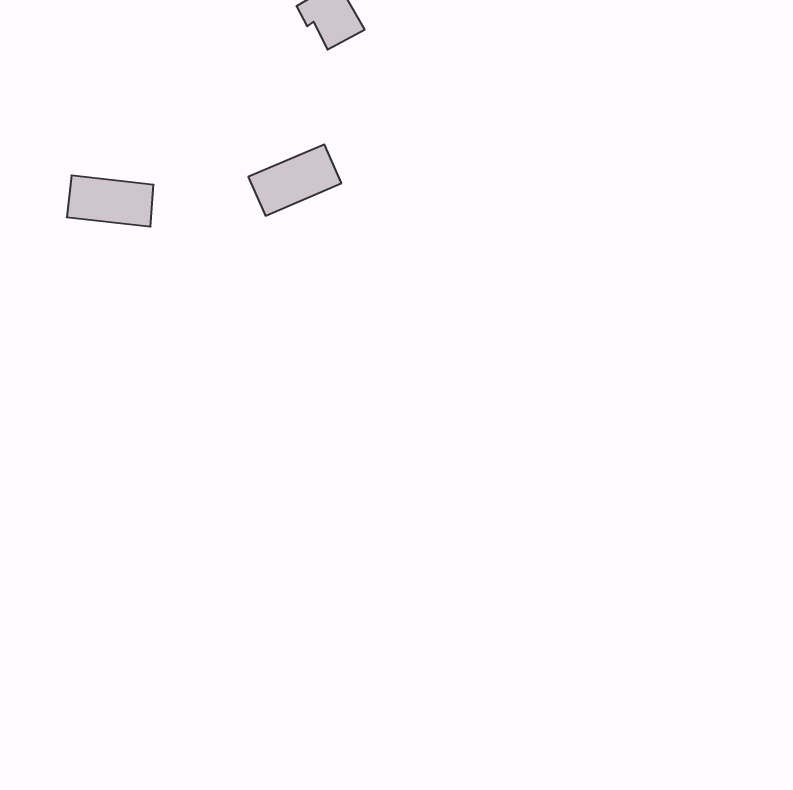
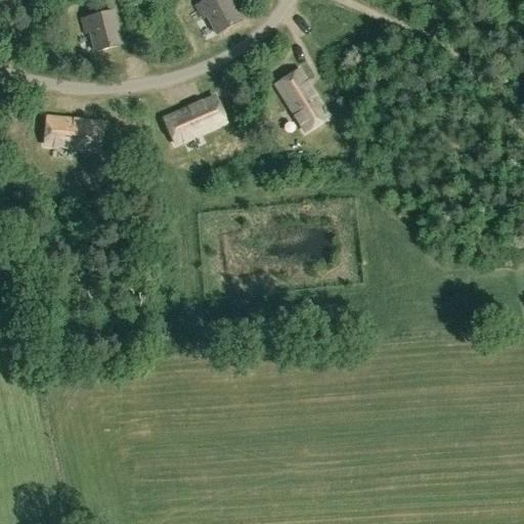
building: none -> [81,9,121,50]
building: none -> [275,69,328,130]

